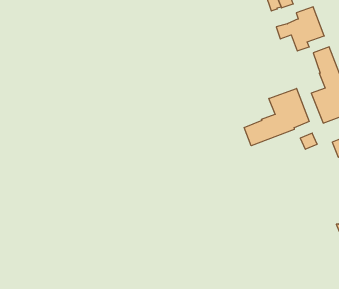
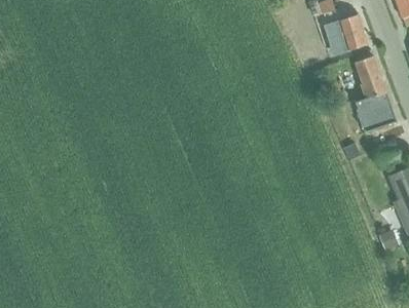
building: [244,88,309,146] -> none

